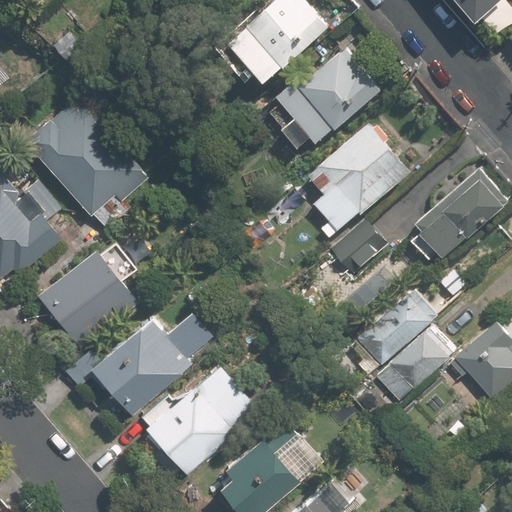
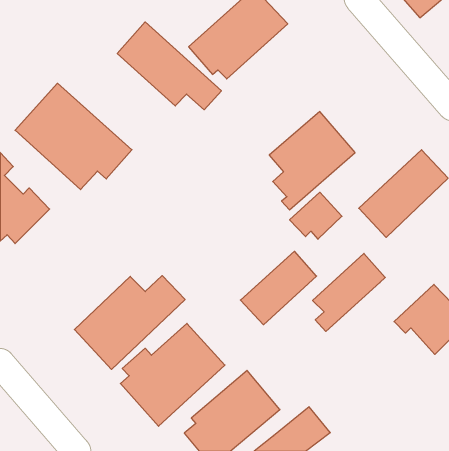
building: none -> [117,22,221,110]
building: [273,43,384,149] -> none
building: [34,239,142,352] -> none
building: [372,319,458,402] -> [240,251,317,325]

